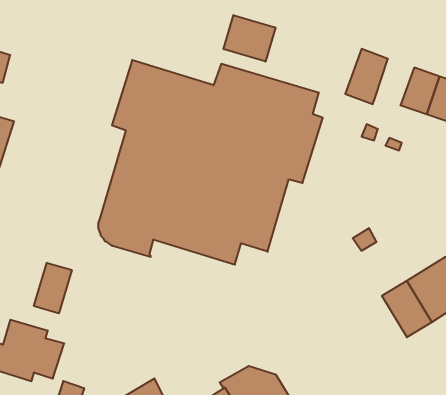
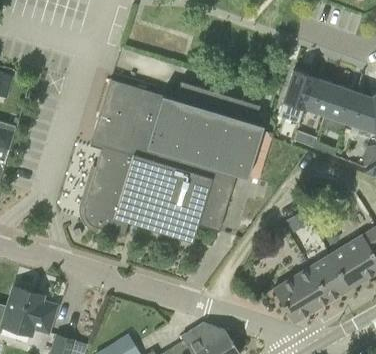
building: [224,15,275,62] -> none
building: none -> [304,78,335,115]
building: [34,263,72,313] -> none
building: none -> [272,267,329,322]

